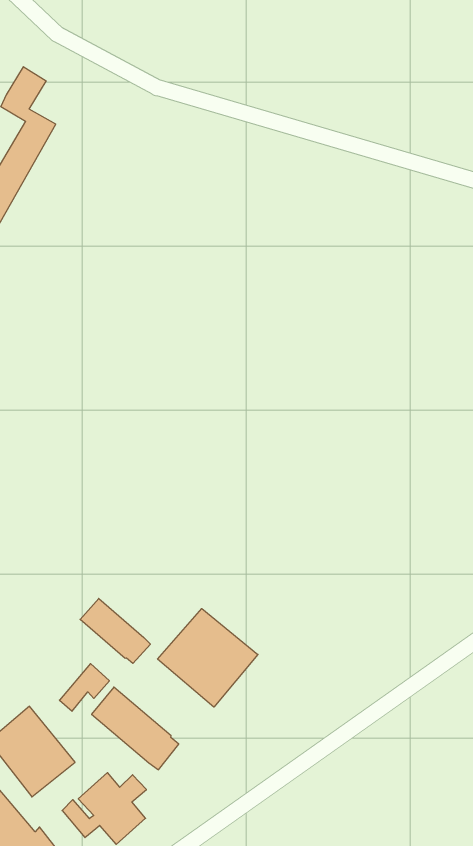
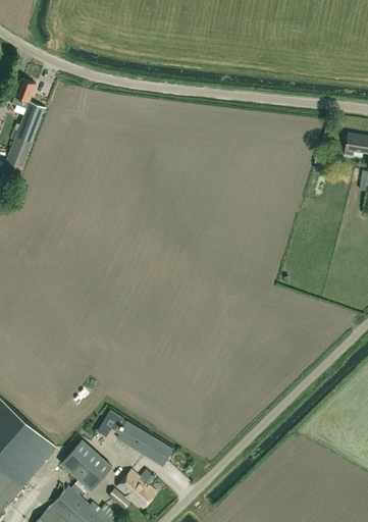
building: [80,598,150,663] -> none
building: [158,609,258,707] -> none

